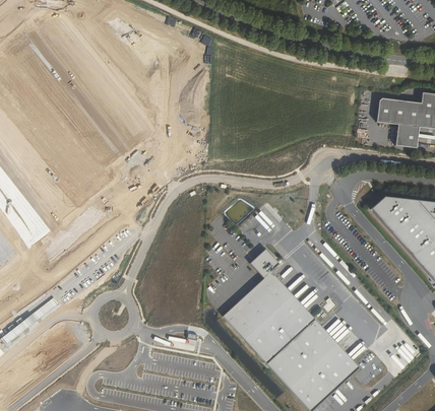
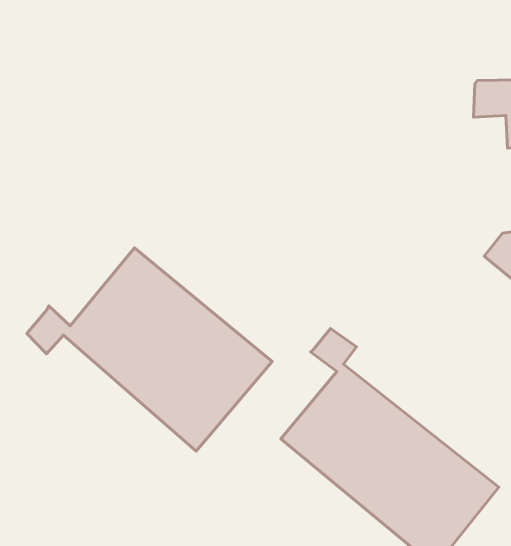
building: none -> [27,248,272,451]

